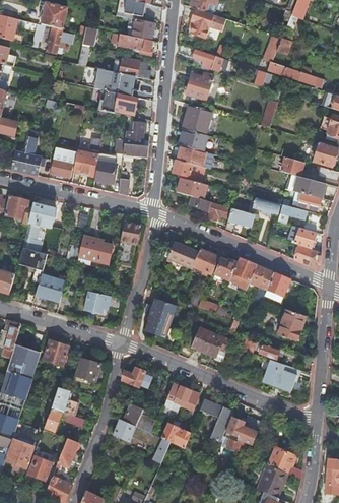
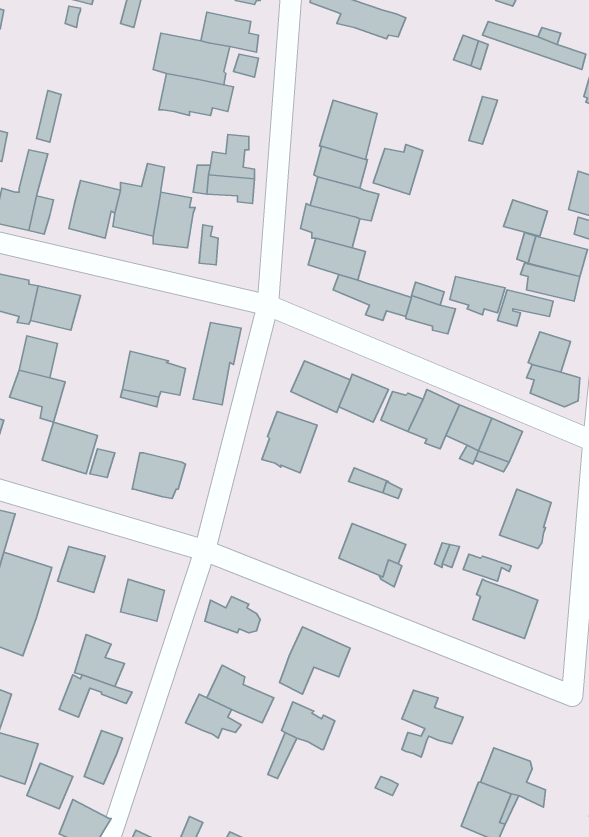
building: [186,72,212,99] -> [373,145,423,194]
building: [145,305,175,337] -> [262,412,317,473]
building: [200,398,233,442] -> none

